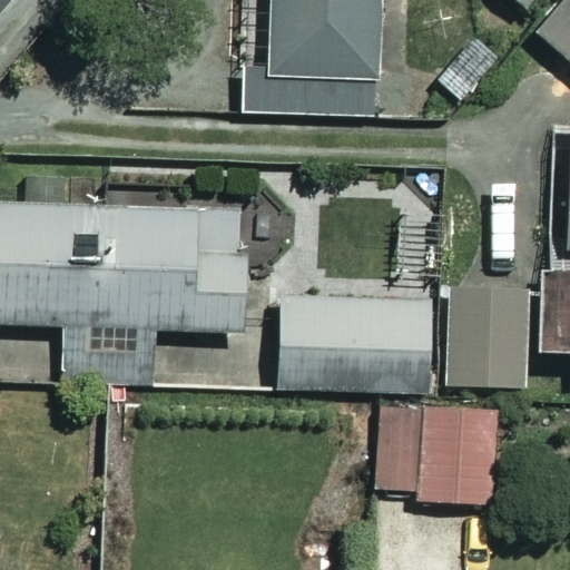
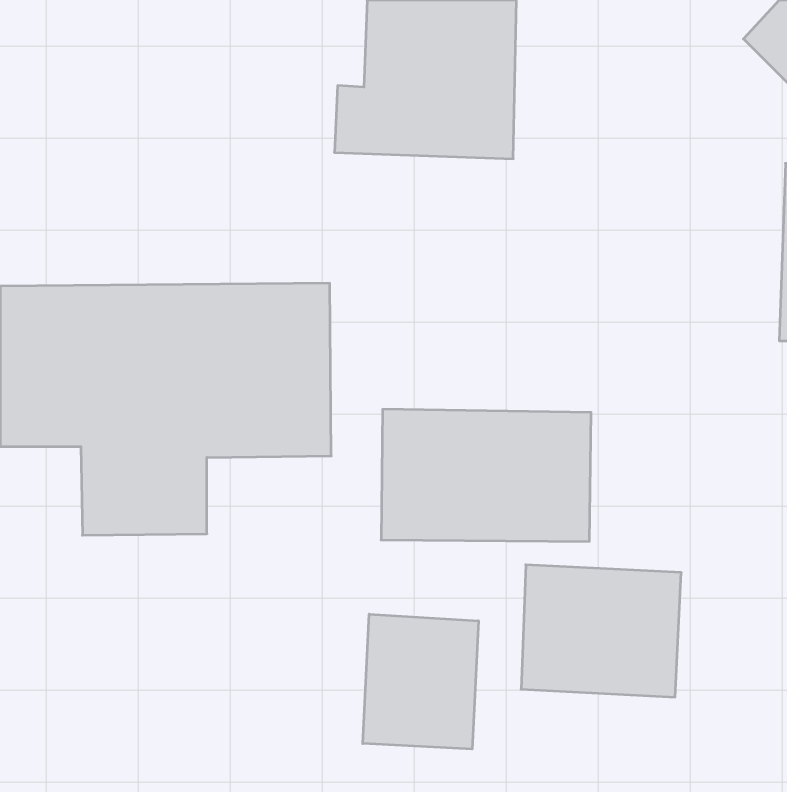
building: [449,284,527,387] -> none
building: none -> [363,614,478,749]

